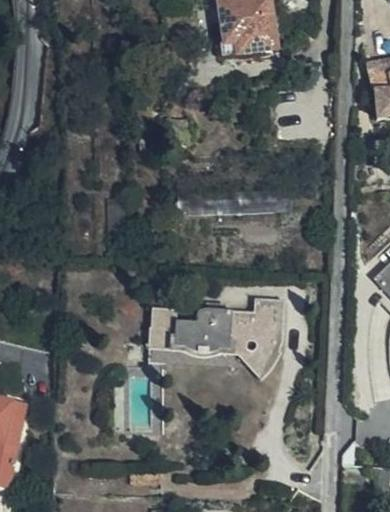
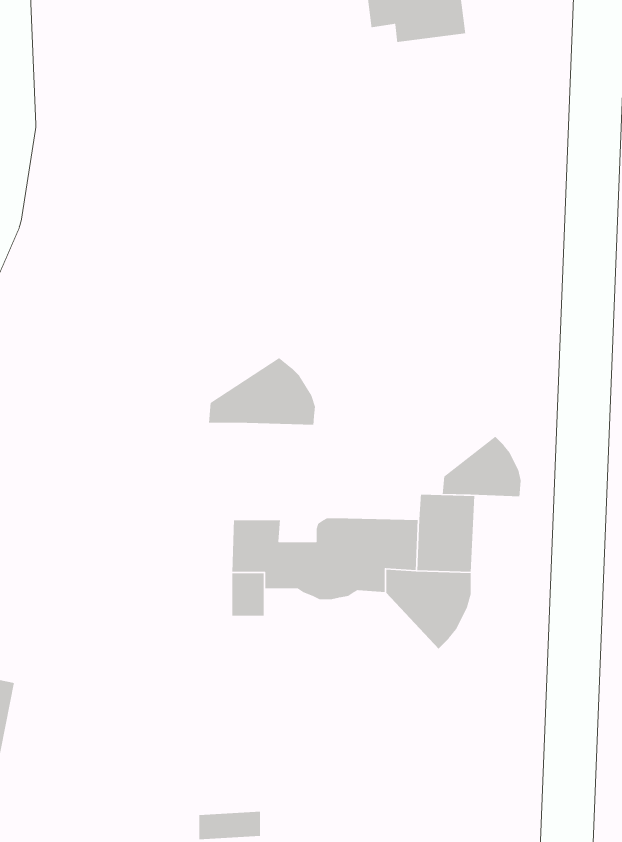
building: none -> [208,357,316,425]
building: none -> [442,436,522,497]

